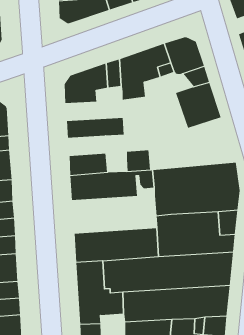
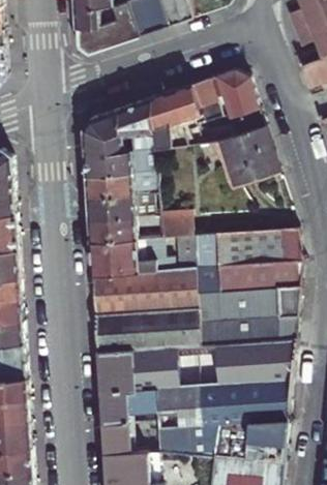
building: none -> [83,147,156,175]
building: none -> [86,193,135,218]
building: none -> [91,268,198,315]

